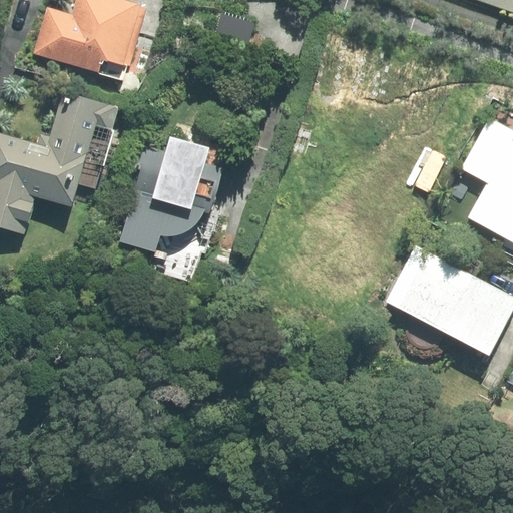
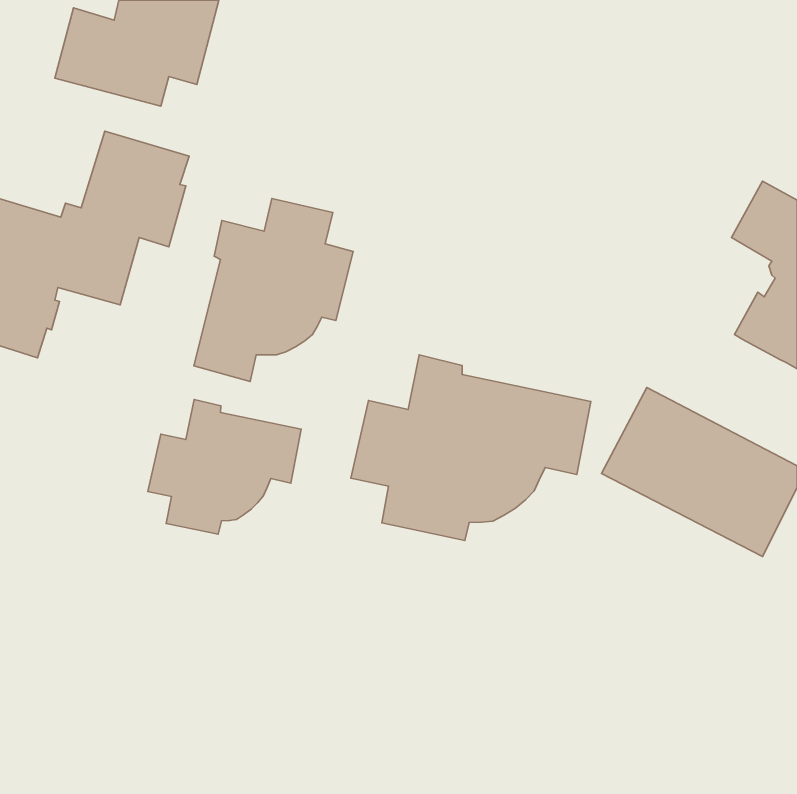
building: none -> [351,355,591,540]
building: none -> [148,399,301,534]

